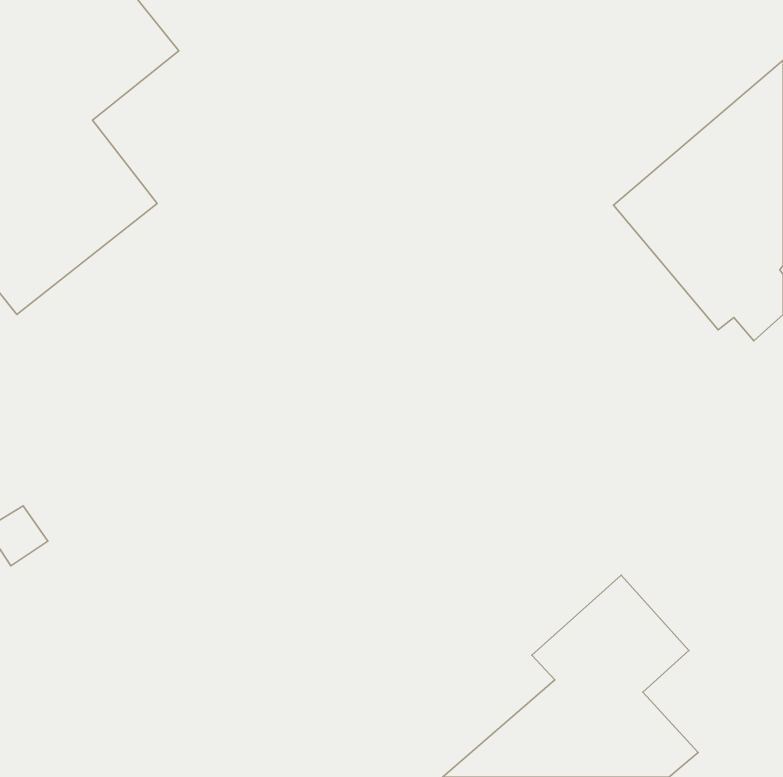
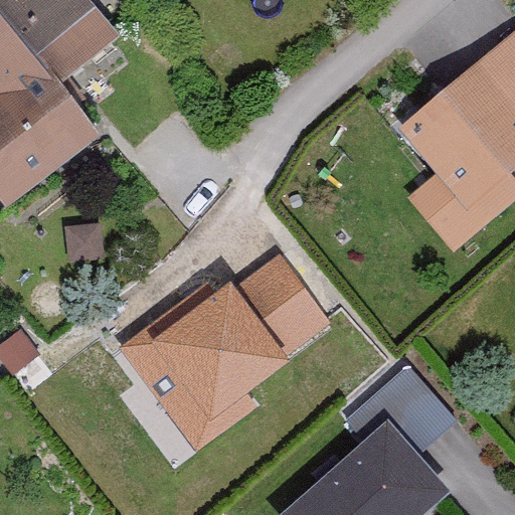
building: none -> [118,256,326,454]

